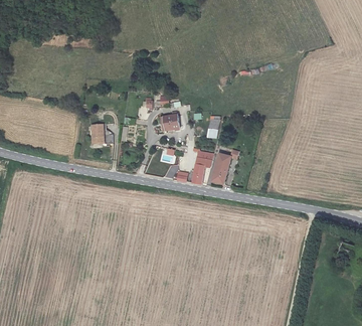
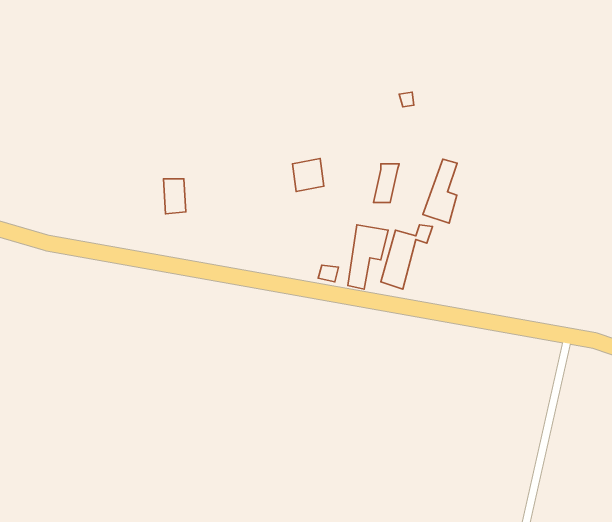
building: none -> [423,159,457,223]

